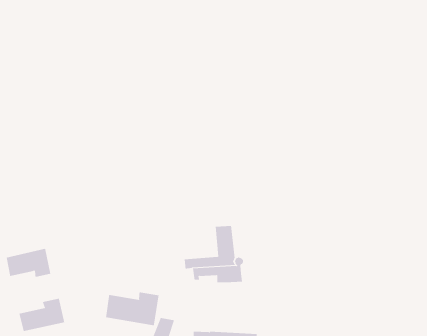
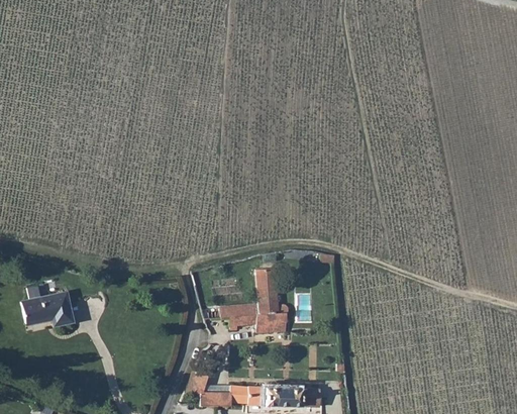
building: [105,291,159,326] -> none
building: [19,298,65,332] -> none

